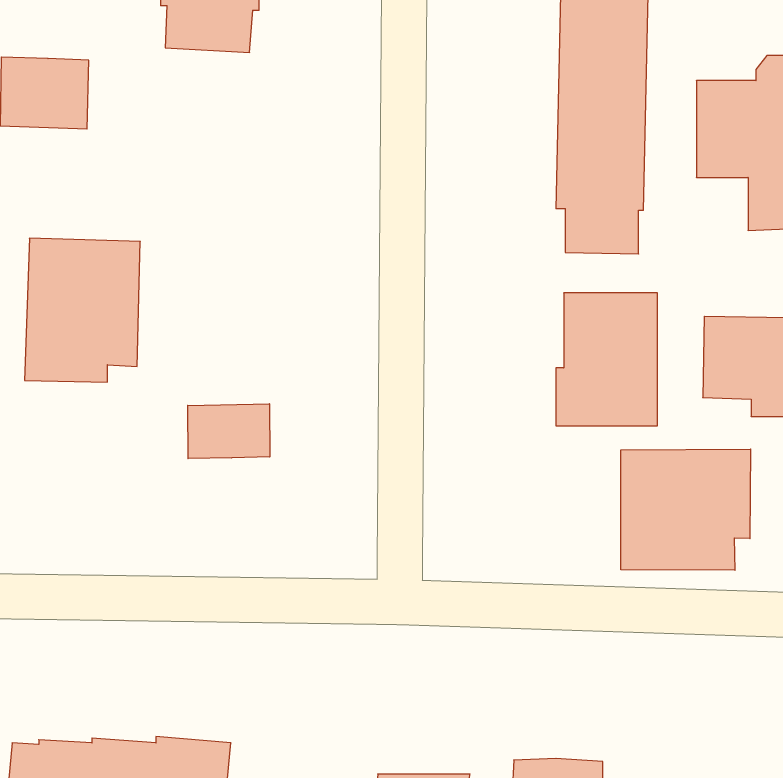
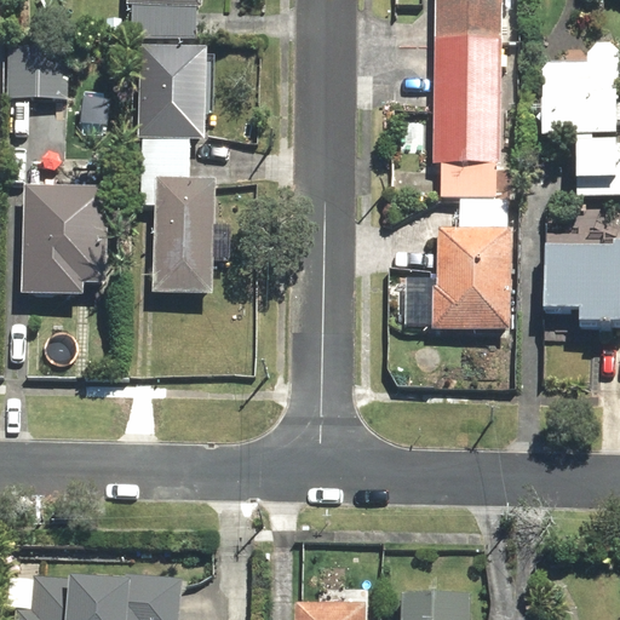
building: none -> [138,46,217,295]
building: [188,404,270,459] -> none
building: [621,449,751,570] -> none

